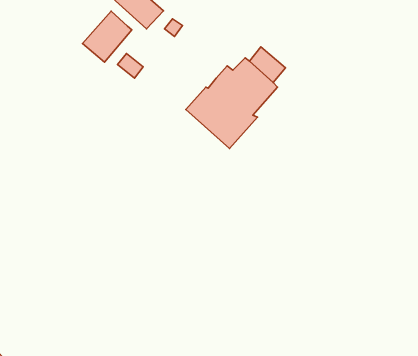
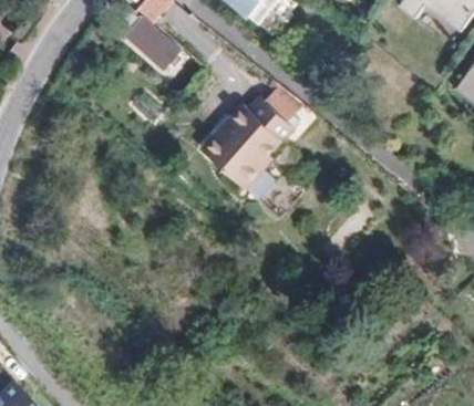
building: [83,11,132,62] -> none

